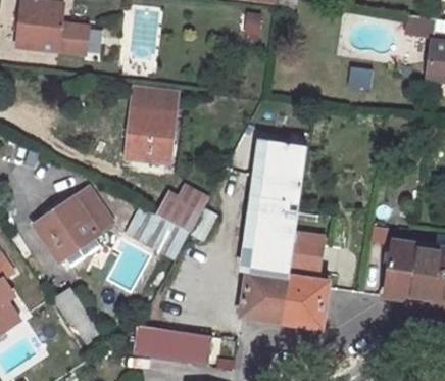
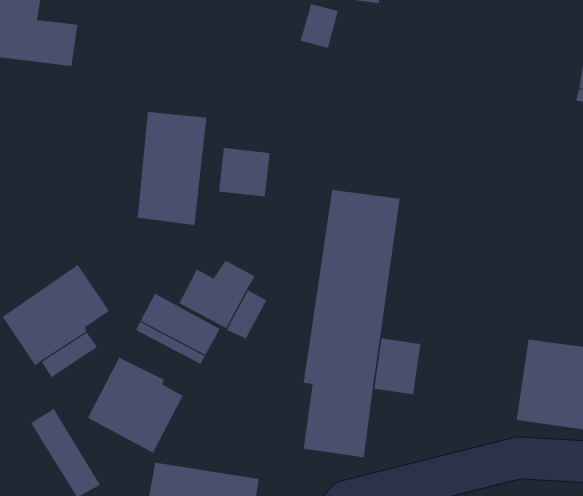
building: none -> [219,147,270,197]
building: none -> [87,356,184,454]
building: [282,275,327,328] -> none

